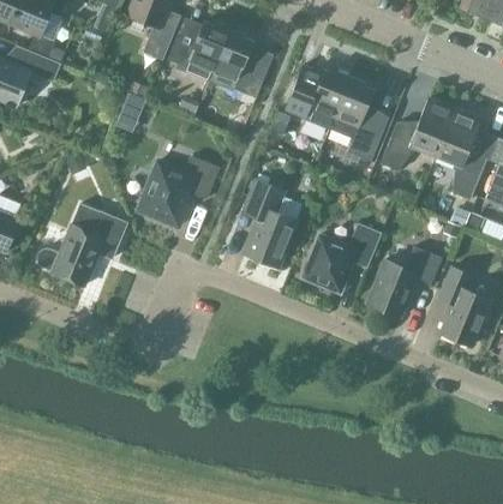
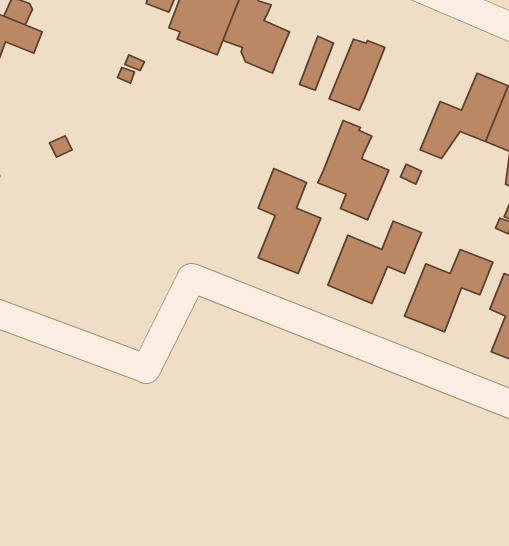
building: [328,77,388,161] -> [318,120,389,220]
building: [137,156,218,227] -> none
building: [36,204,126,286] -> none

